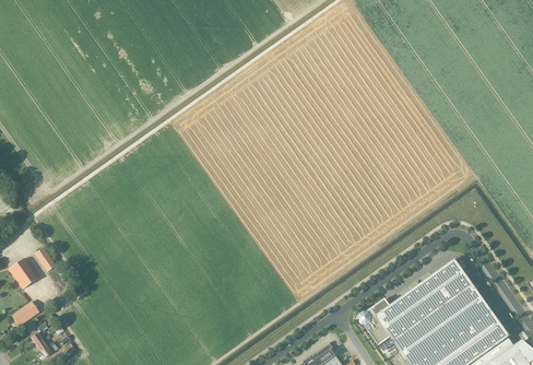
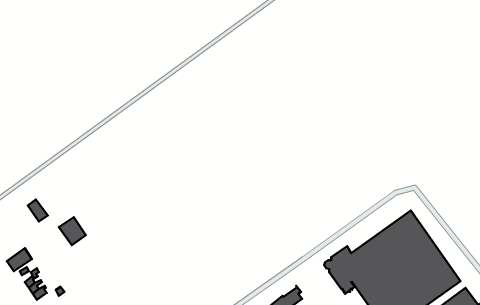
building: [9,259,38,290] -> [59,217,86,245]

